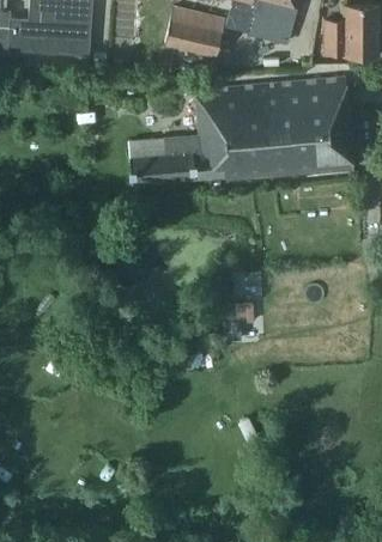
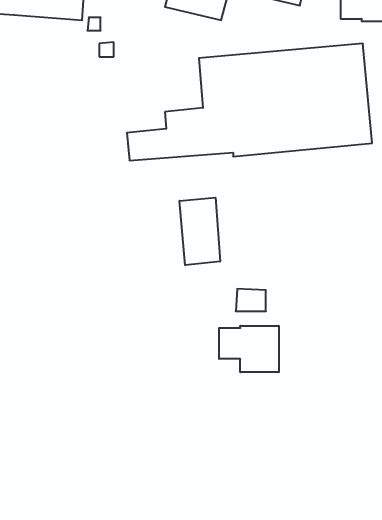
building: none -> [180,198,220,265]
building: none -> [219,326,279,372]

